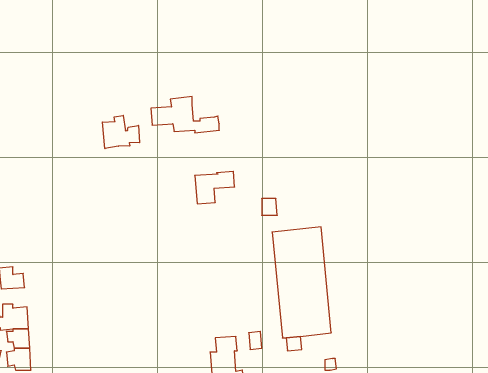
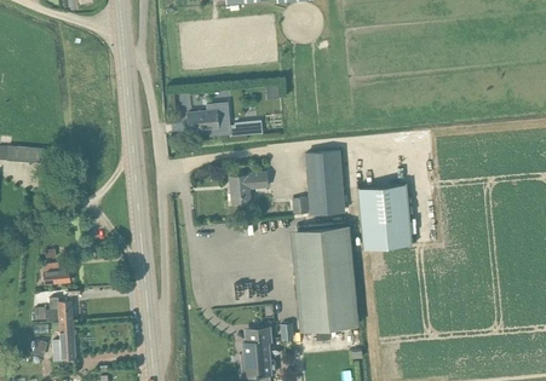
building: [102,115,140,149] -> none
building: none -> [304,151,344,213]
building: none -> [356,184,410,249]

